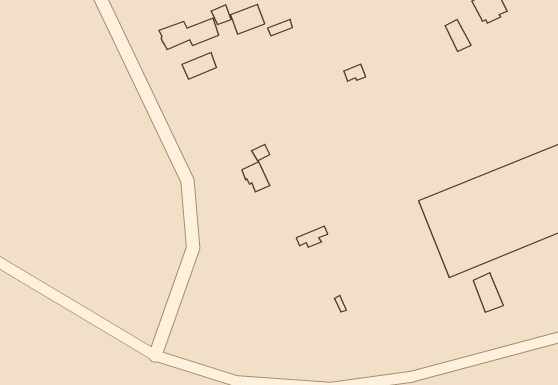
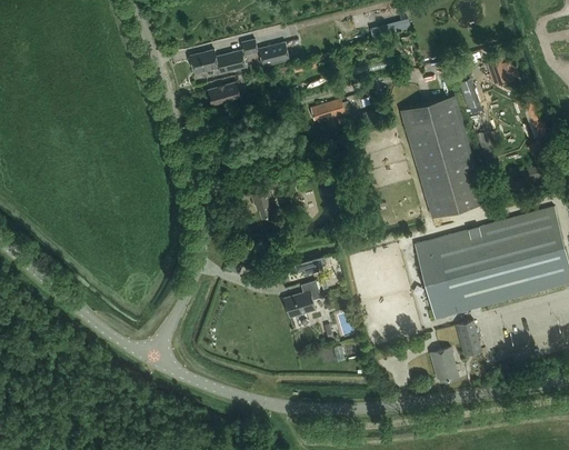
building: none -> [399,96,485,218]
building: none -> [310,100,345,123]
building: none -> [283,281,320,318]
building: none -> [429,348,458,382]

